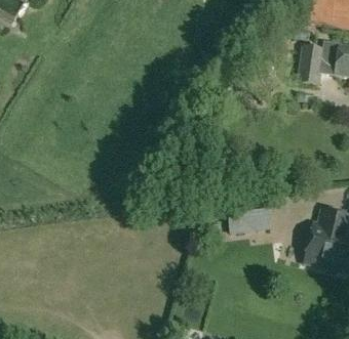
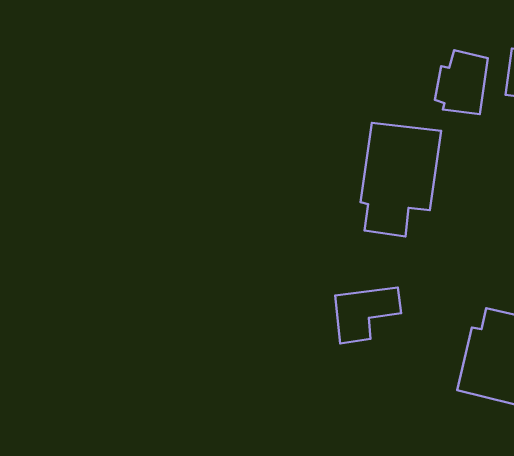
building: none -> [361,123,441,237]

